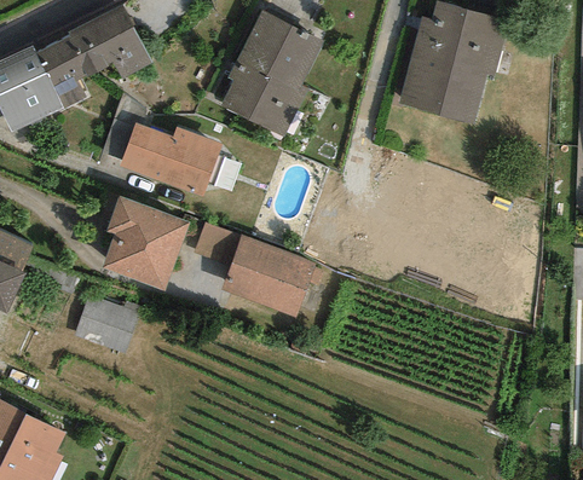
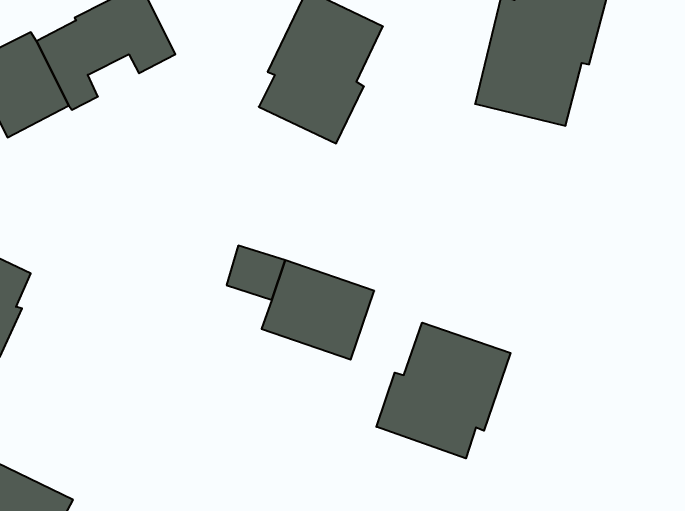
building: [119,122,221,196] -> none
building: [100,196,189,289] -> none
building: none -> [376,323,511,458]
building: [75,299,140,355] -> none

